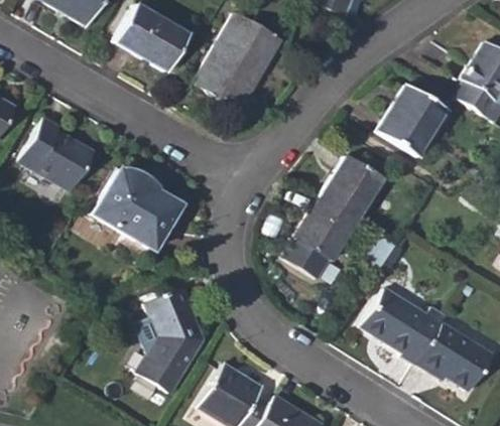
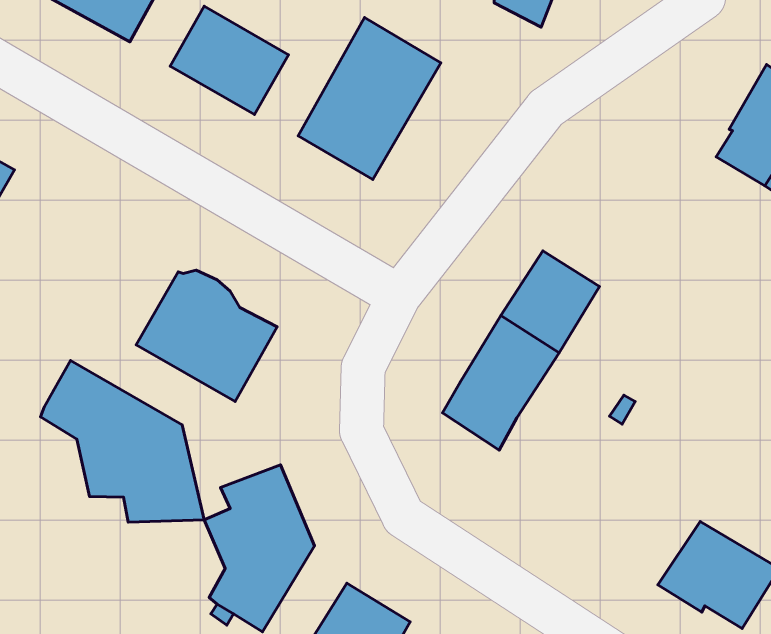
building: [376,85,447,158] -> none
building: [17,118,93,192] -> none
building: none -> [40,361,204,522]
building: [360,289,448,366] -> none

